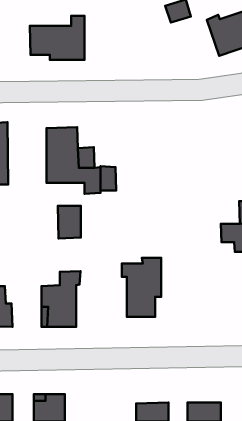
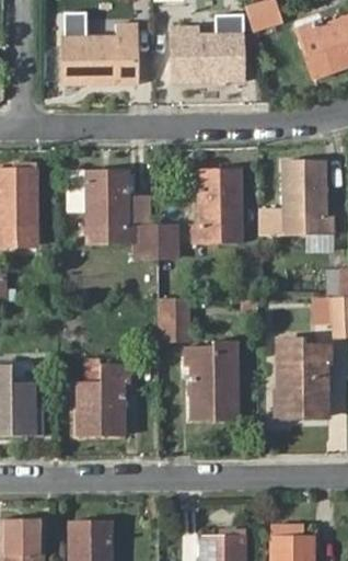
building: none -> [170,32,242,82]
building: none -> [285,158,333,236]
building: none -> [189,170,242,245]
building: [58,206,81,238] -> [156,299,187,342]
building: none -> [282,344,334,420]

